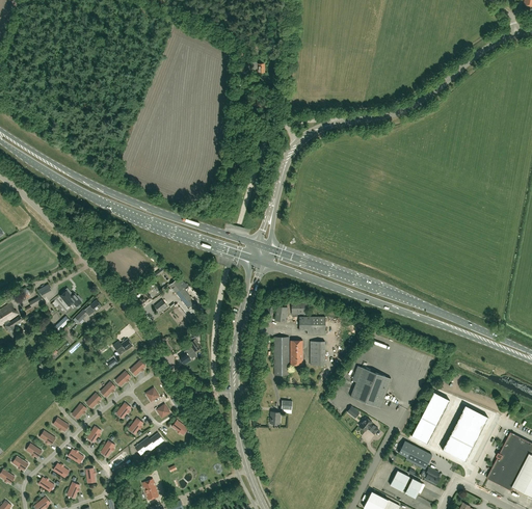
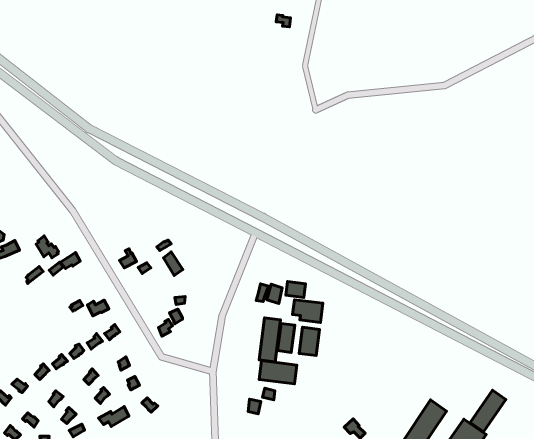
building: [350,367,391,408] -> none
building: none -> [259,361,297,384]
building: none -> [470,390,506,432]

